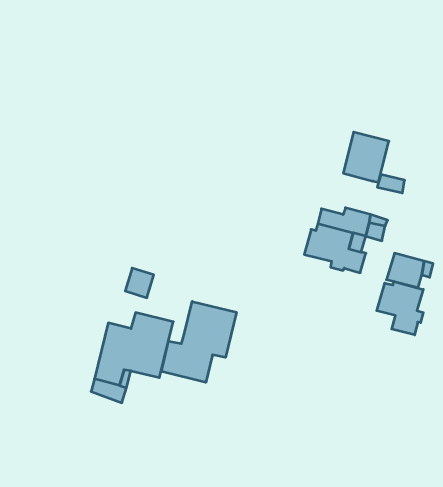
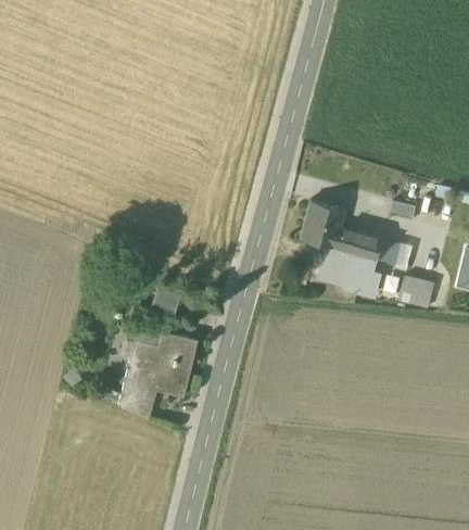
building: [343,132,389,182] -> [301,200,344,248]
building: [377,281,423,335] -> none
building: [162,301,236,382] -> none

